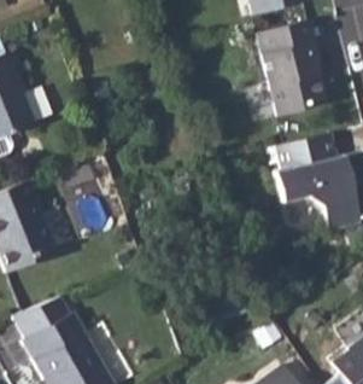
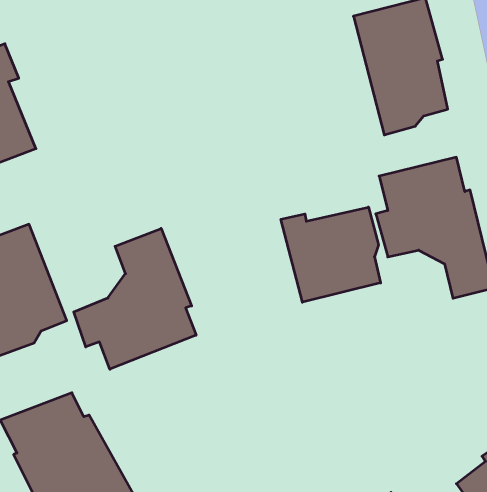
building: none -> [281,207,381,302]
building: none -> [74,228,196,369]

